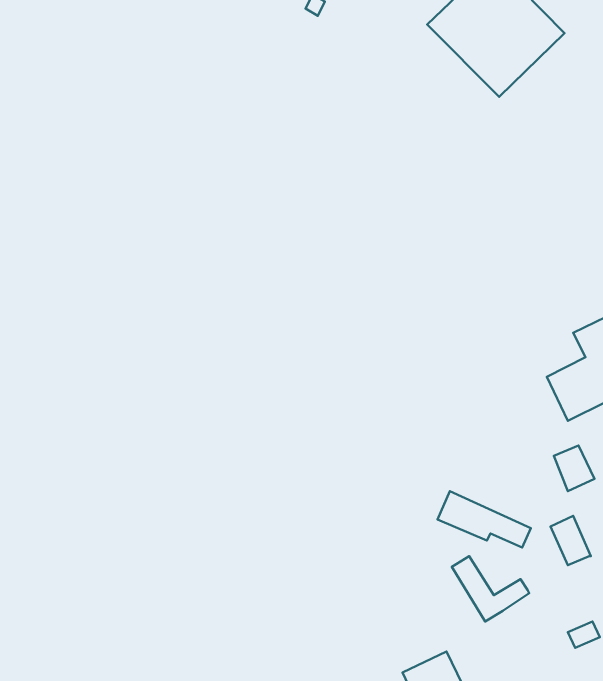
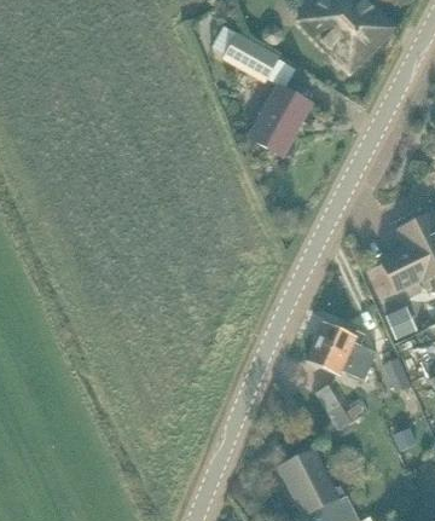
building: none -> [210,24,279,74]
building: none -> [249,85,312,156]
building: none -> [314,322,377,366]

